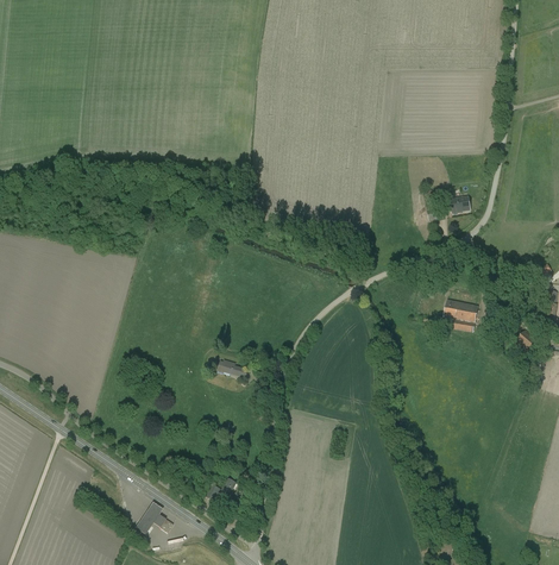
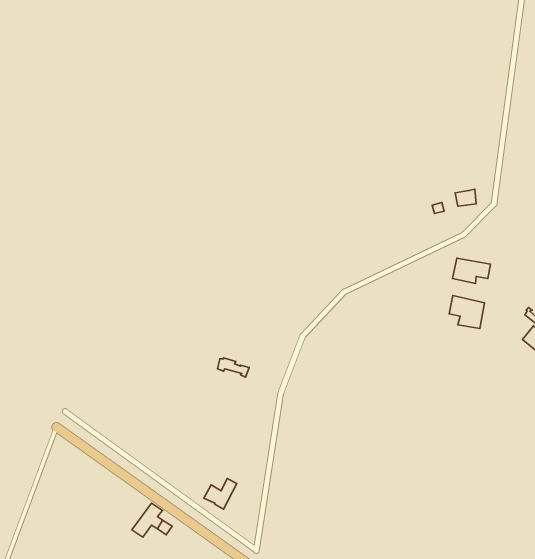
building: none -> [452,258,491,284]

